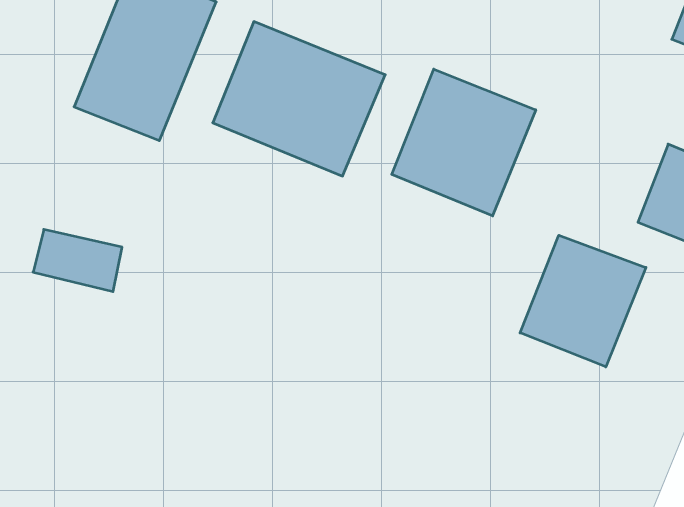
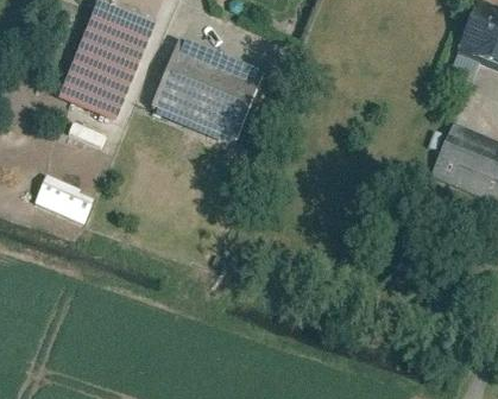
building: [392,69,536,216] -> none
building: [520,235,646,367] -> none

